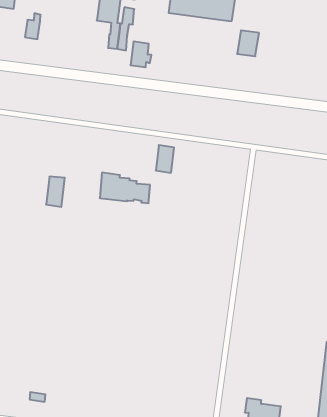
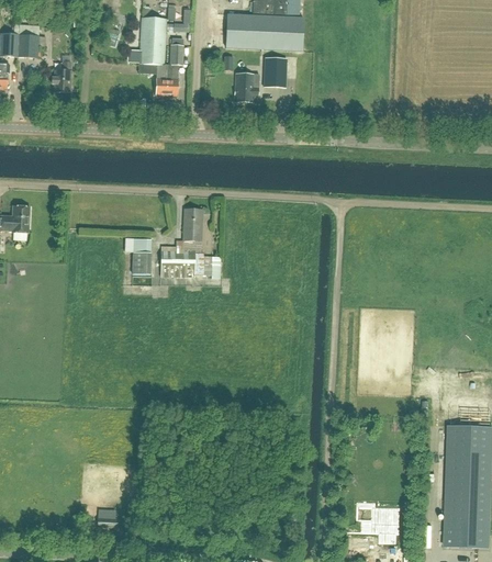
building: [237,30,259,56] -> [262,58,287,88]
building: [130,42,151,67] -> [234,74,258,103]
building: [156,145,174,173] -> [182,209,202,240]
building: [46,177,65,207] -> [132,239,152,274]

